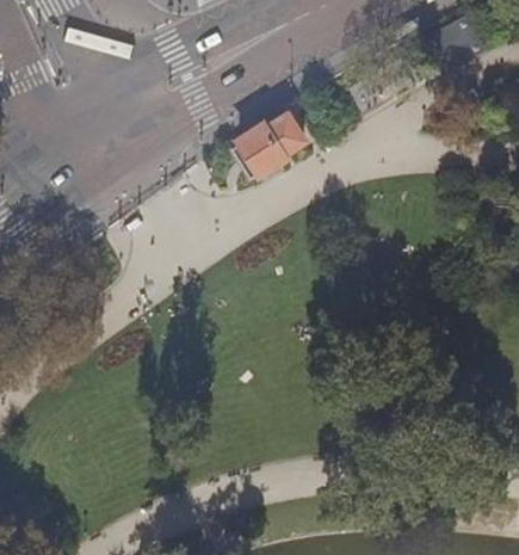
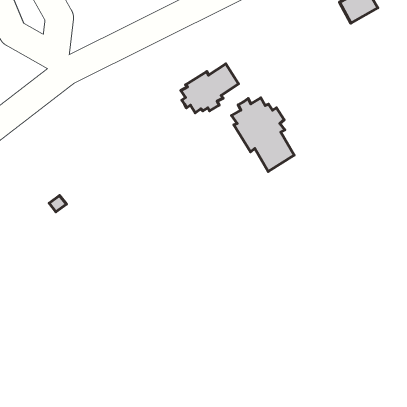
building: none -> [231,98,294,172]

